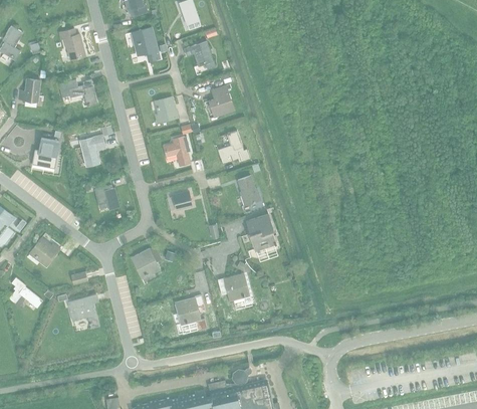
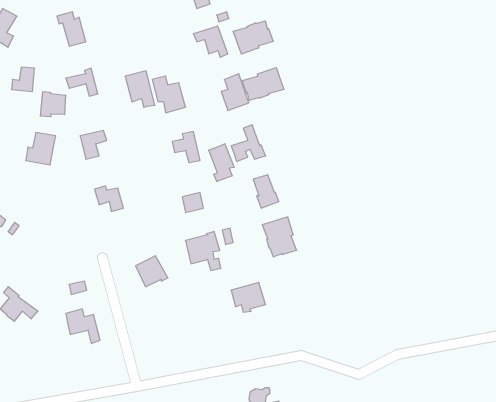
building: [132,27,159,60] -> [125,71,155,107]
building: none -> [233,21,273,54]
building: none -> [242,68,284,100]
building: none -> [41,92,65,117]
building: none -> [209,144,234,182]
building: [30,239,58,265] -> none
building: [174,294,206,330] -> [185,232,221,270]

